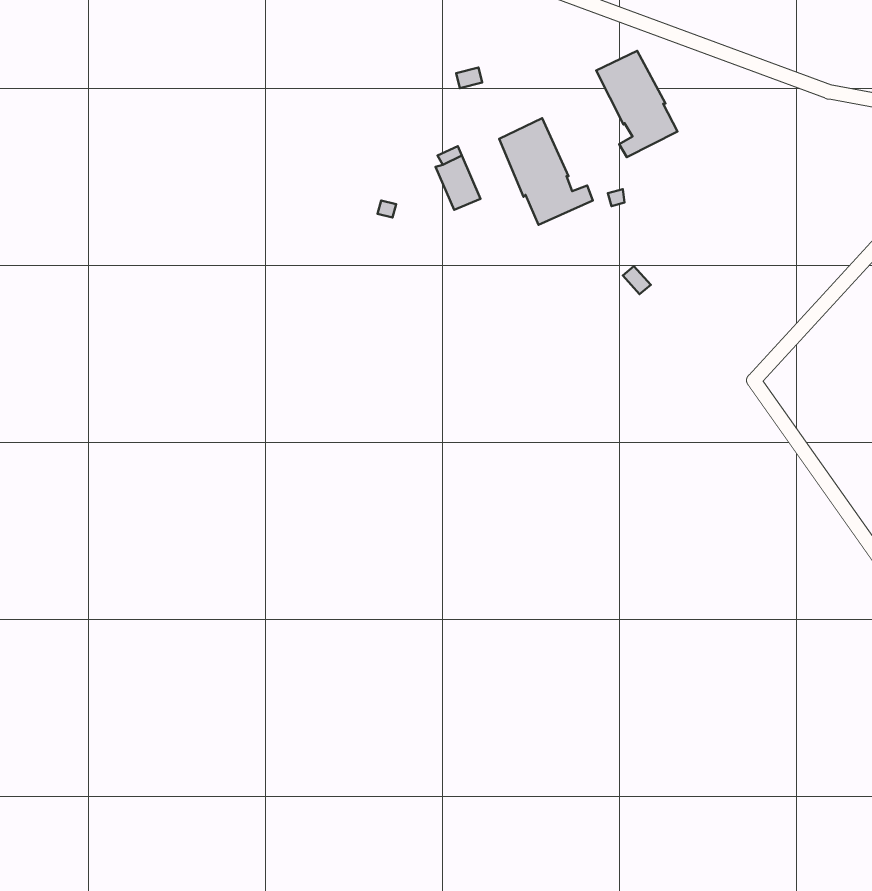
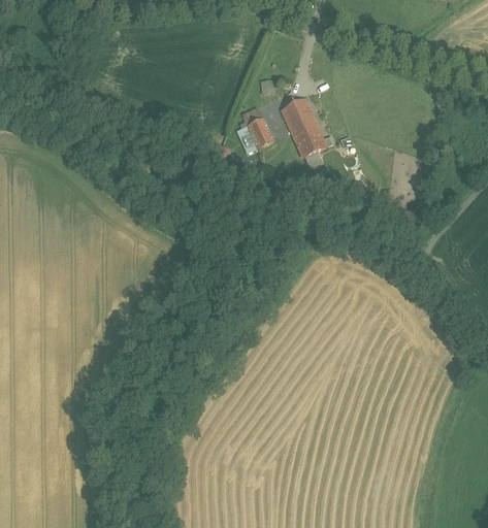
building: [596,51,677,157] -> none

